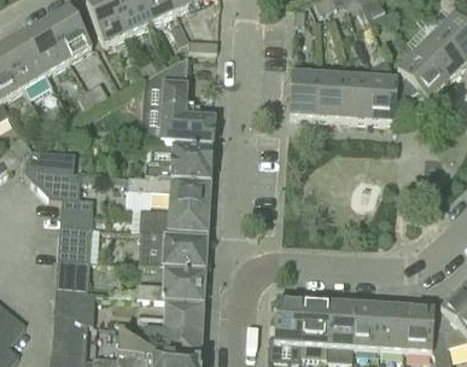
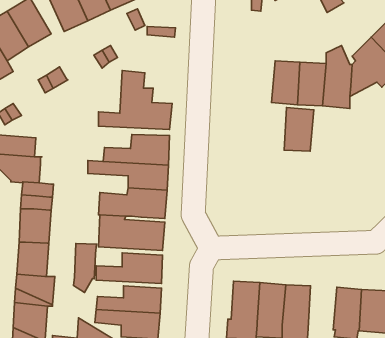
building: [288,70,319,115] -> [284,107,314,151]
building: none -> [74,243,96,293]
building: [352,302,381,346] -> none

